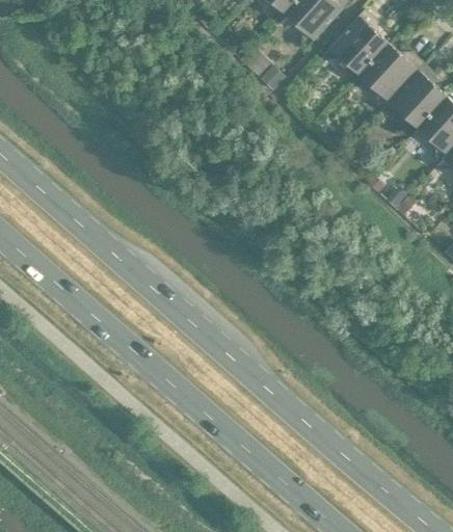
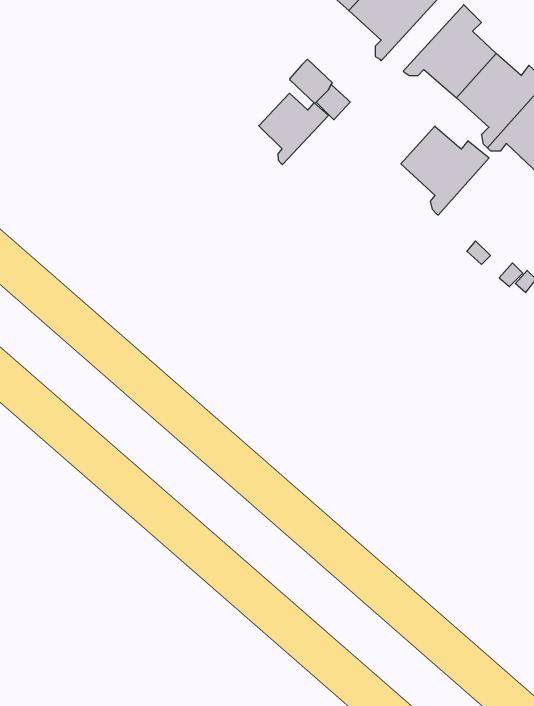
building: none -> [259,93,329,165]
building: none -> [401,126,489,215]

